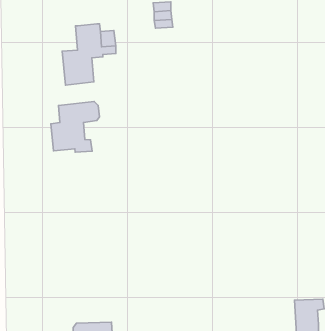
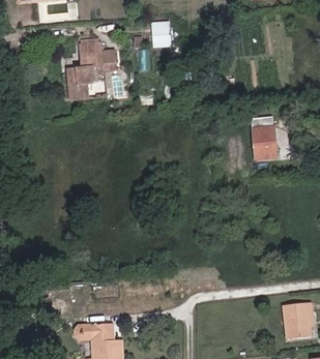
building: [51,101,100,152] -> none
building: none -> [253,118,277,159]

